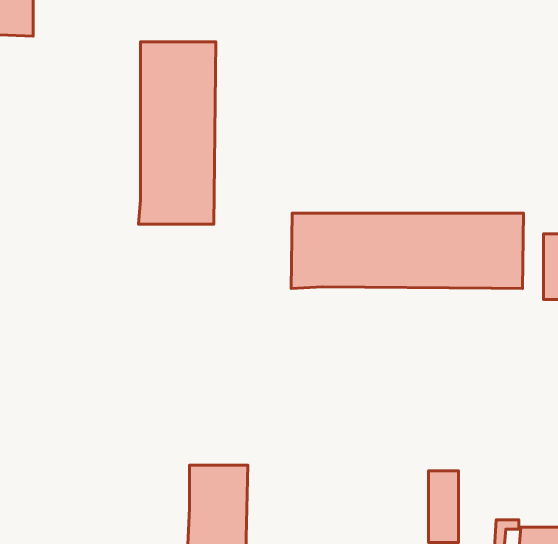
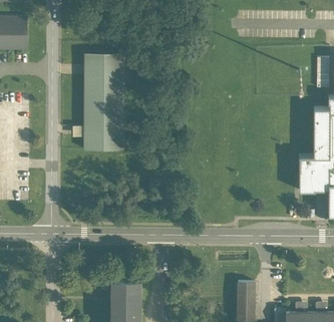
building: [291,213,524,289] -> none

